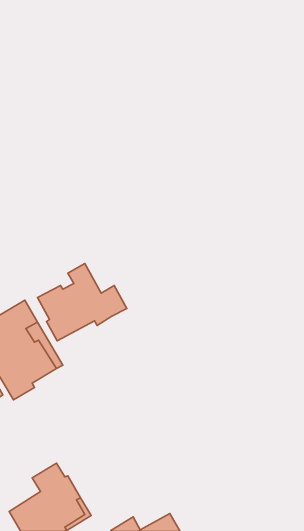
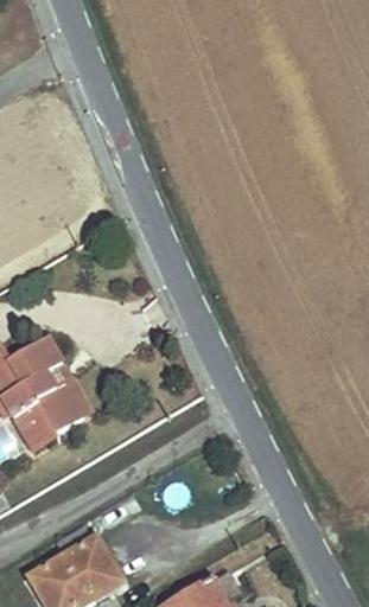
building: [38,264,127,341] -> none

